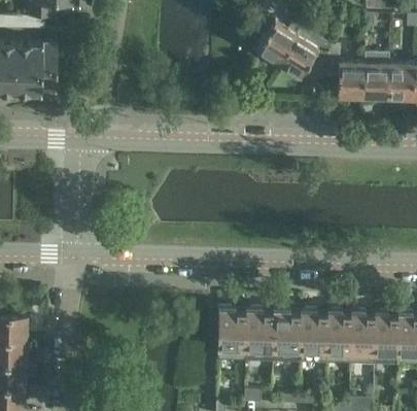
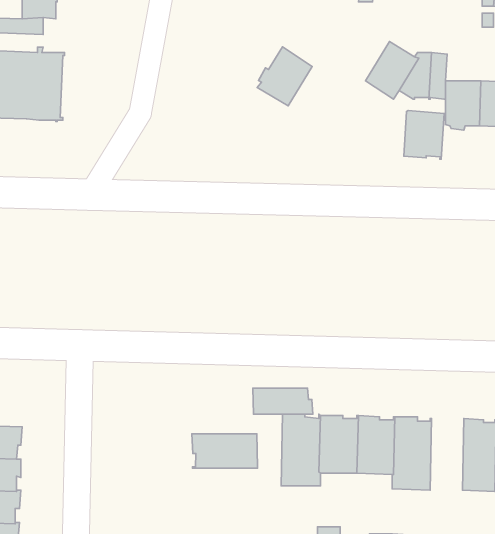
building: [256,21,297,64] -> [257,47,312,106]
building: none -> [404,111,444,159]
building: none -> [253,388,313,414]
building: [326,311,351,364] -> none
building: none -> [192,434,257,468]

